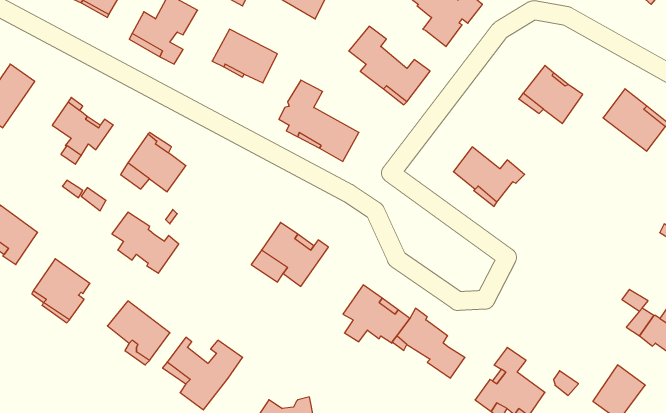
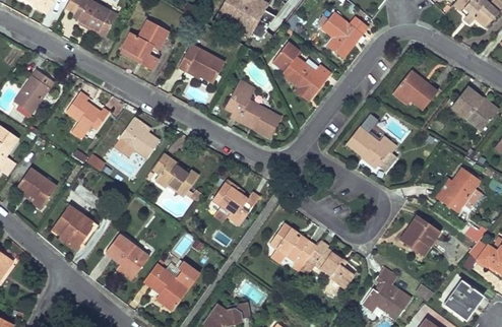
building: none -> [435,168,482,212]
building: [112,212,179,273] -> [151,153,198,196]
building: none -> [399,215,440,257]

